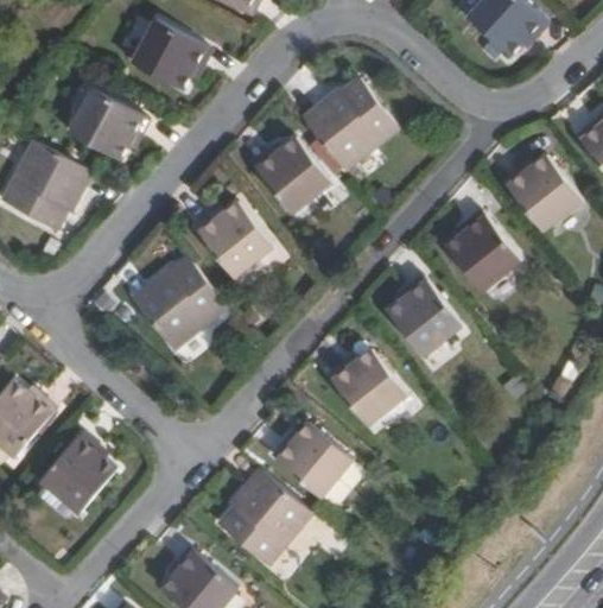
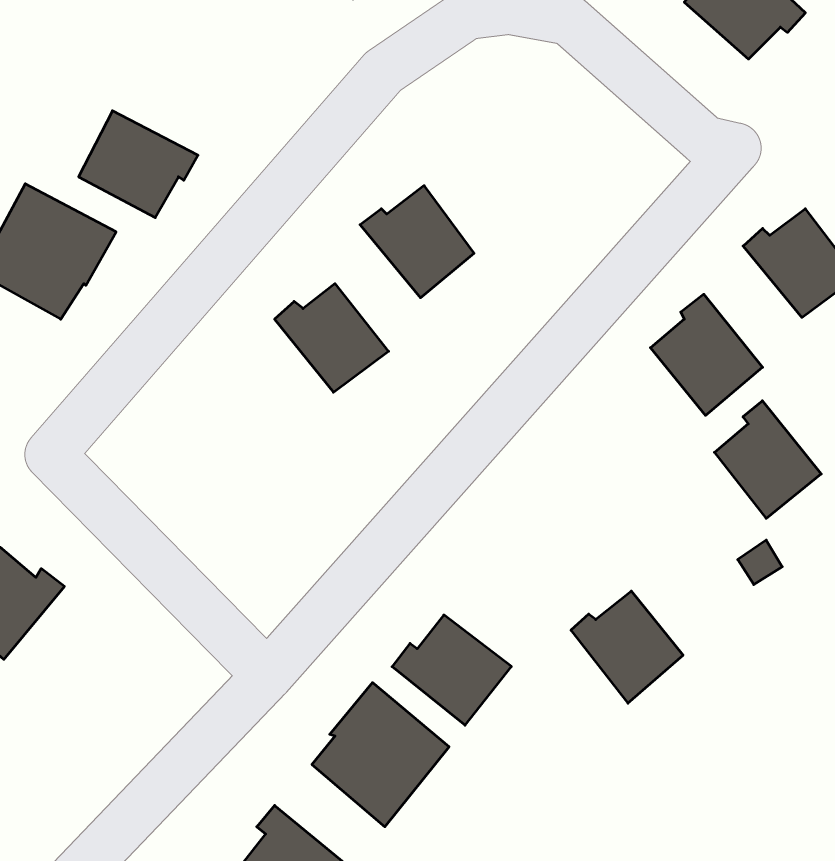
building: [129,20,205,87] -> none
building: [303,80,395,170] -> none
building: [133,256,228,348] -> none
building: [389,280,461,359] -> [714,401,821,518]
building: [330,350,405,425] -> [571,591,683,703]
building: [39,435,112,513] -> none

